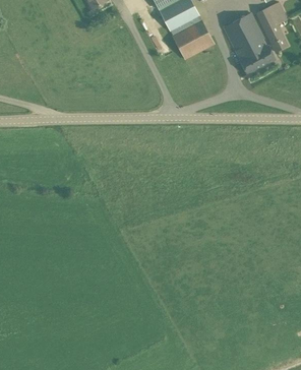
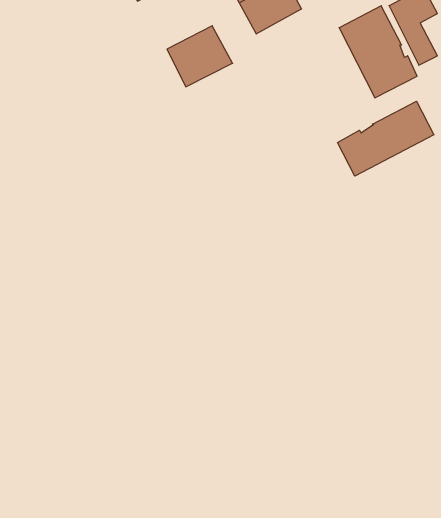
building: [172,19,215,59] -> [167,26,233,87]
building: none -> [338,101,434,176]

